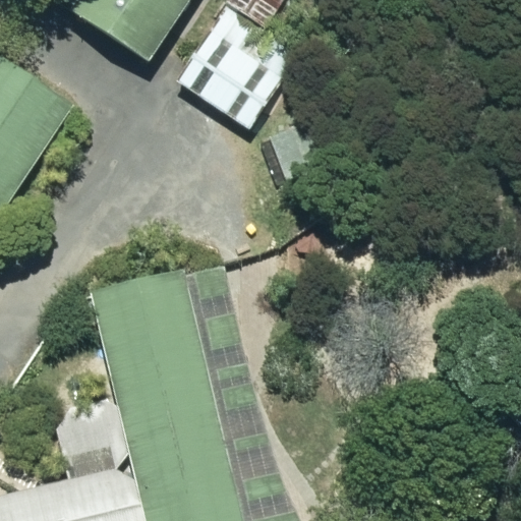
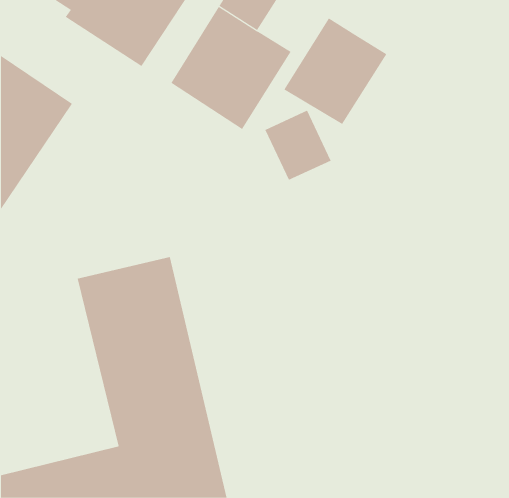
building: none -> [283,17,387,125]

